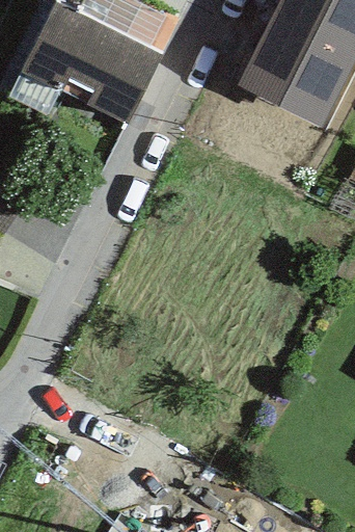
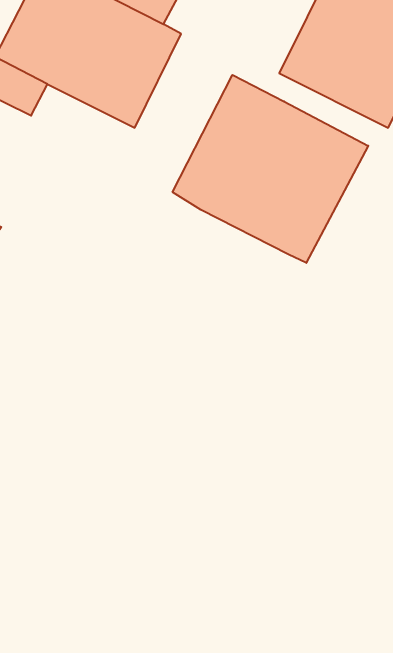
building: none -> [173,75,368,263]

